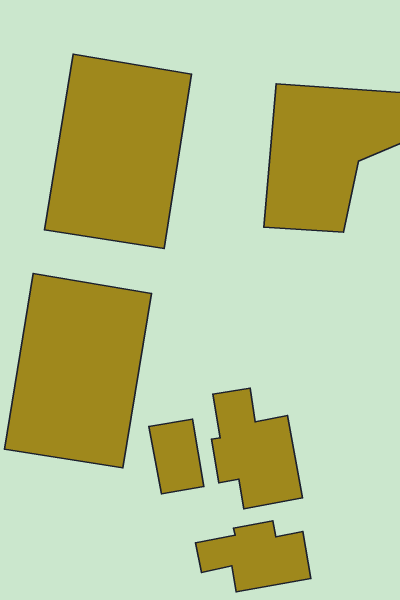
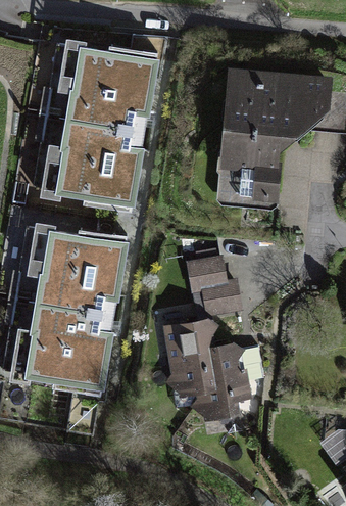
building: [149,419,204,494] -> [187,257,232,318]
building: [196,521,311,592] -> none

